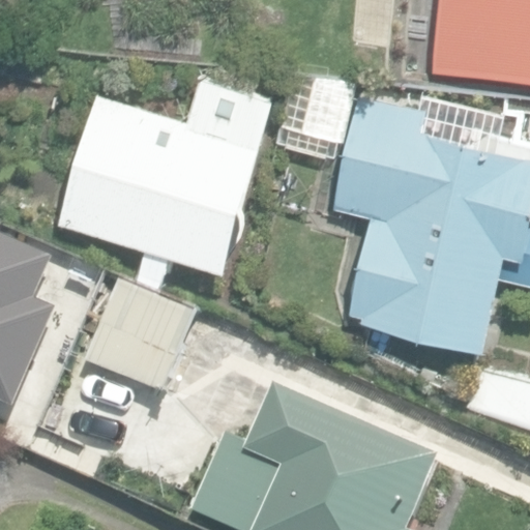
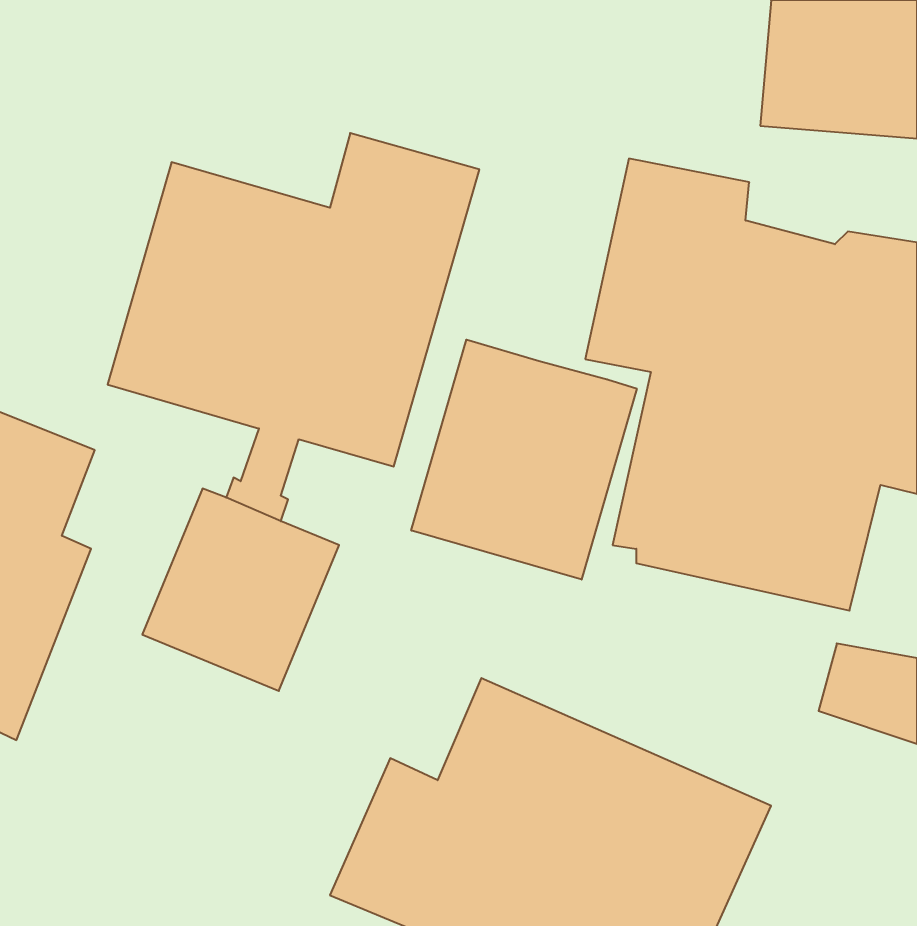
building: none -> [411,340,637,580]

